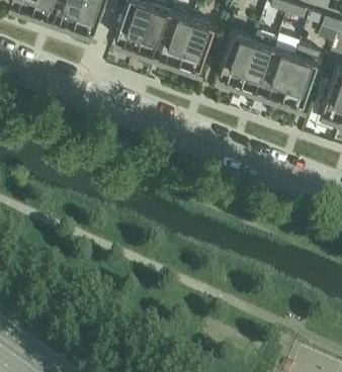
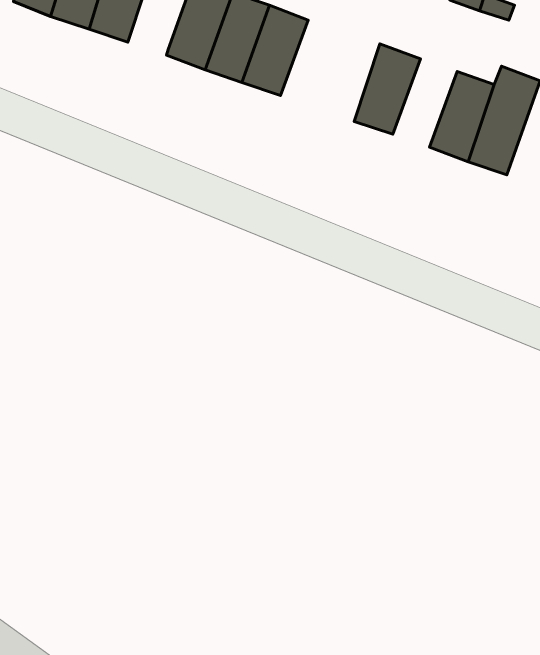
building: [178,18,215,67] -> none
building: [240,29,279,88] -> none

